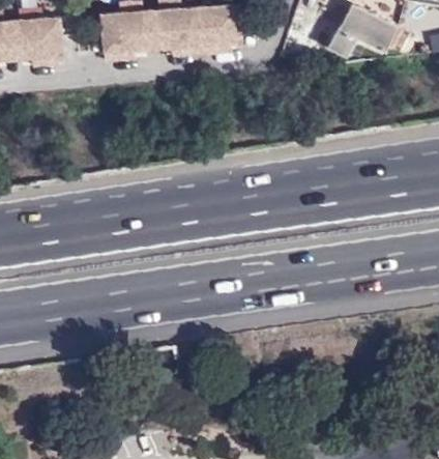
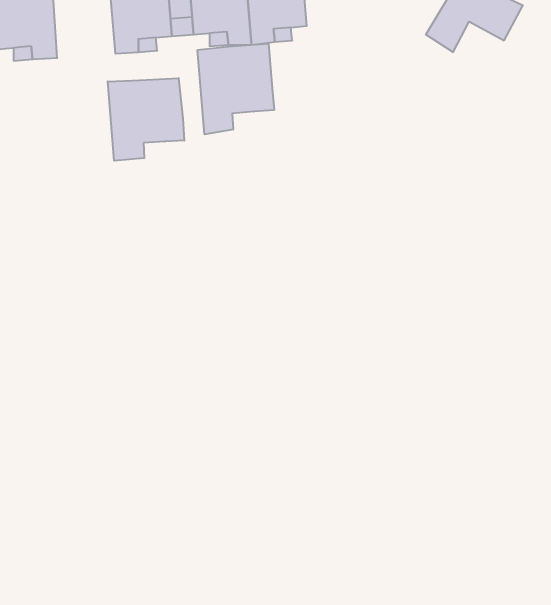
building: none -> [198,44,274,134]
building: none -> [108,78,184,161]

